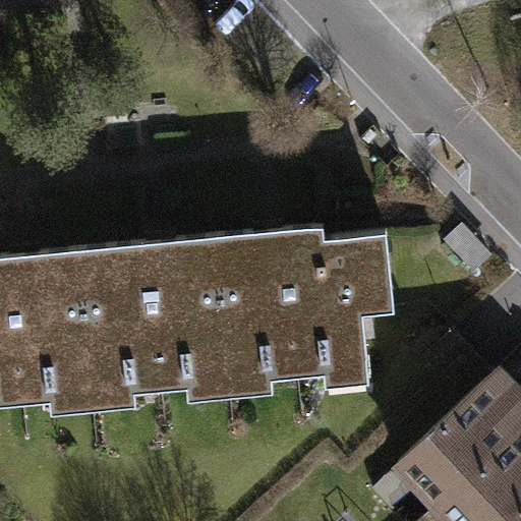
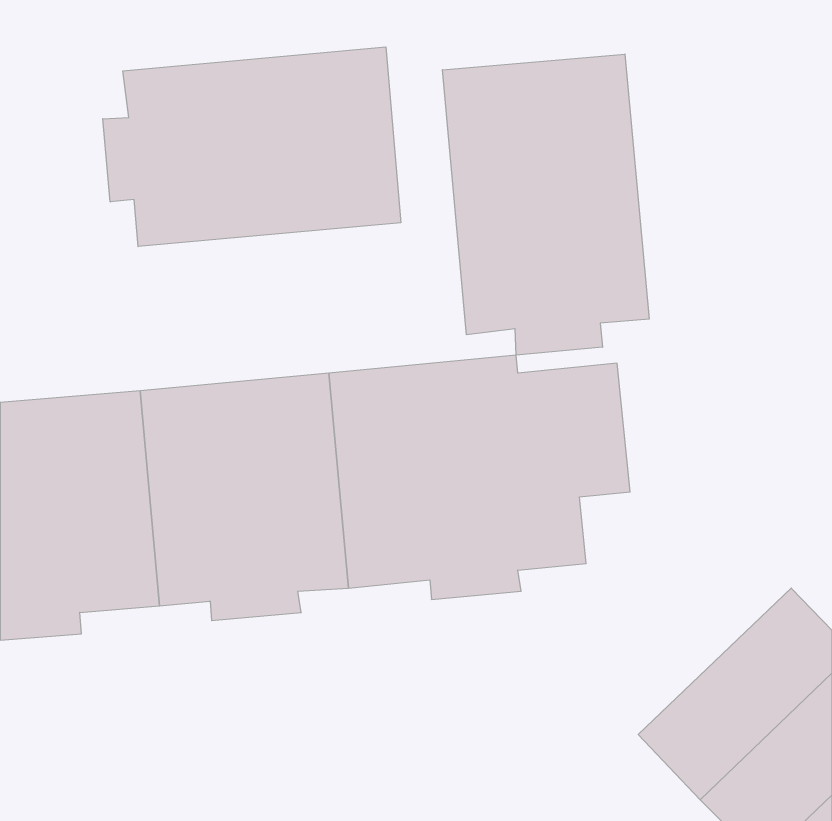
building: none -> [103,47,401,247]
building: none -> [442,54,649,355]

